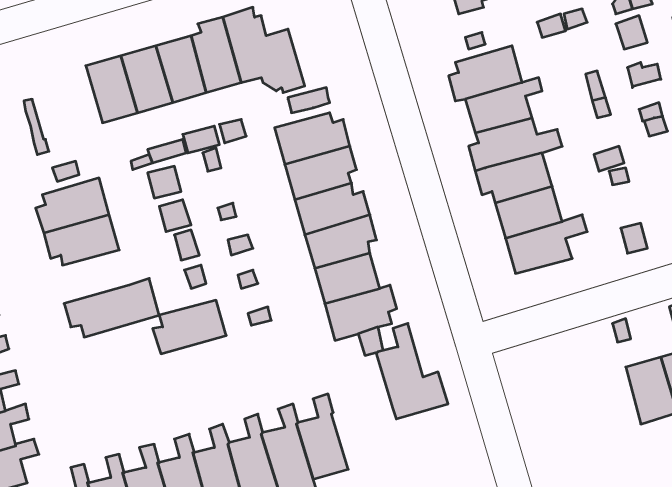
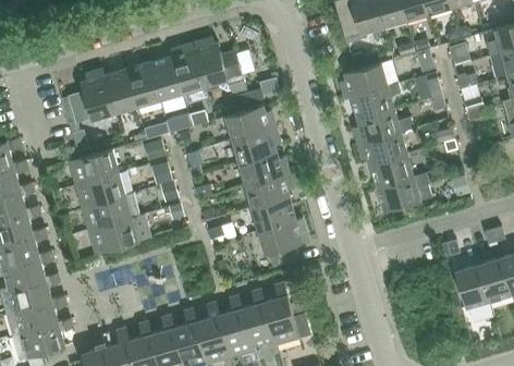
building: none -> [81,70,114,120]
building: [153,300,226,354] -> [84,196,132,231]
building: [376,323,448,419] -> [264,283,310,345]

